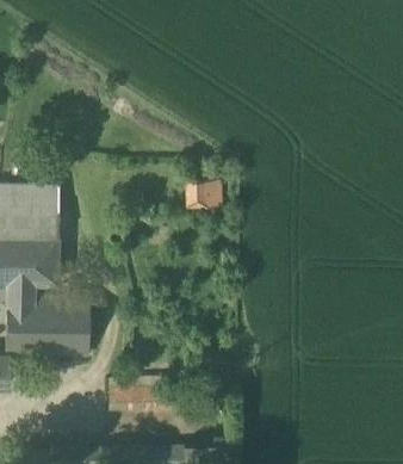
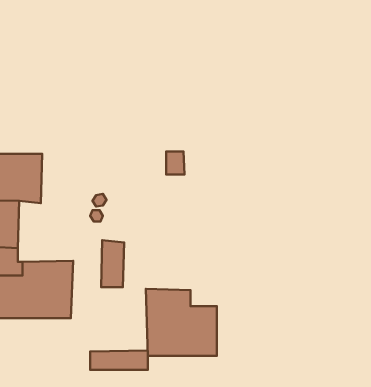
building: [35,231,58,280] -> [101,240,124,287]
building: none -> [146,289,217,356]

